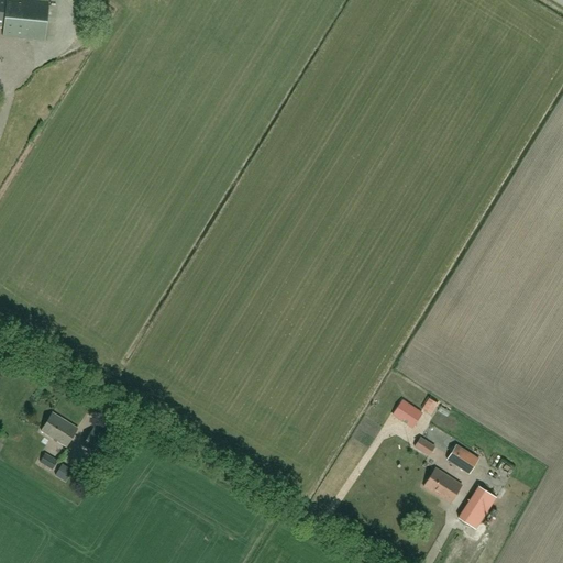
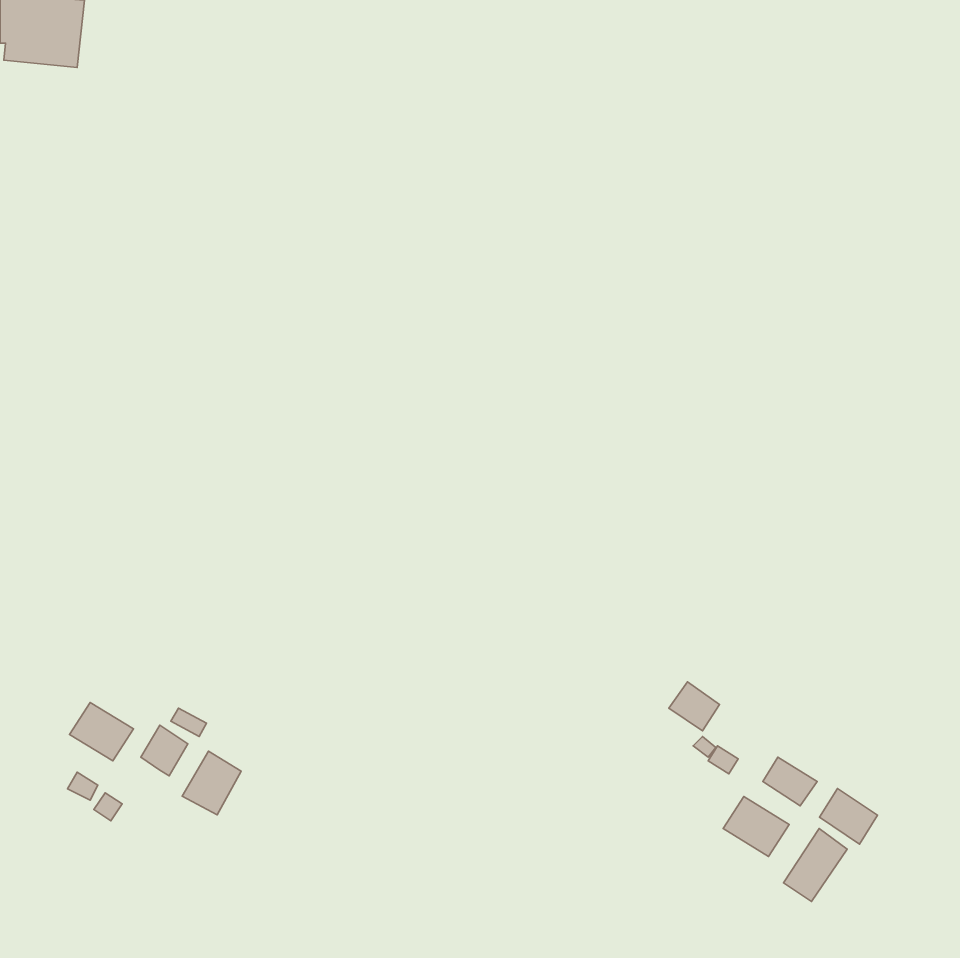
building: none -> [182,751,241,815]
building: none -> [819,788,878,844]

